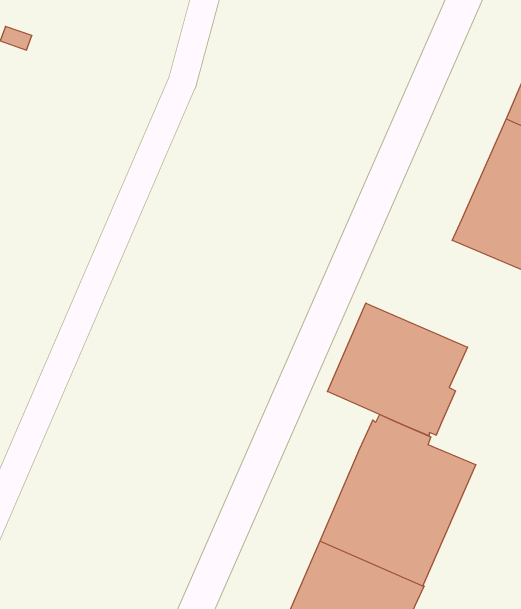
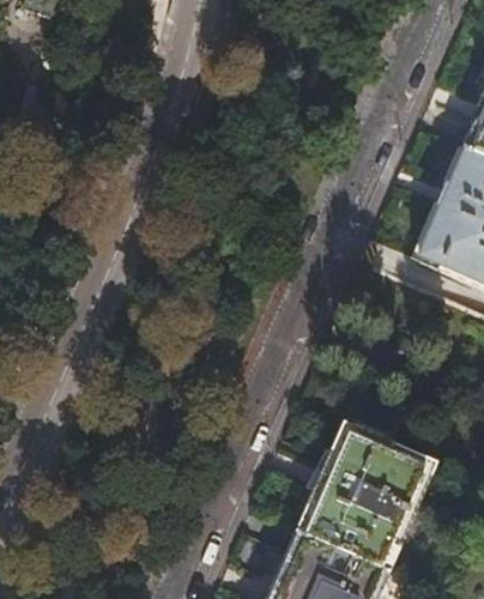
building: [327,303,468,436] -> none

